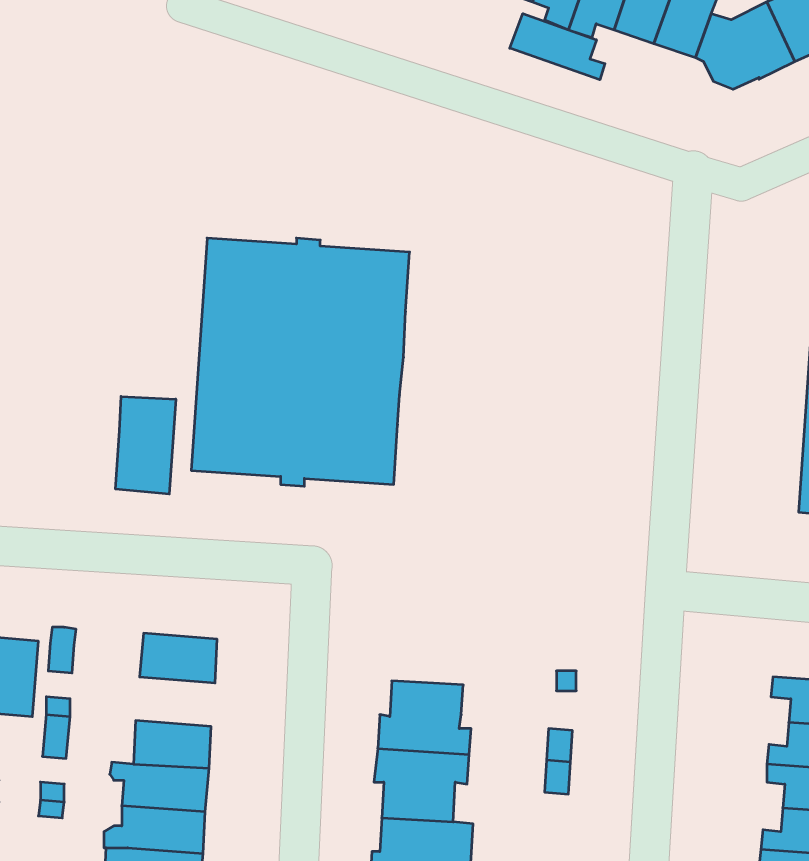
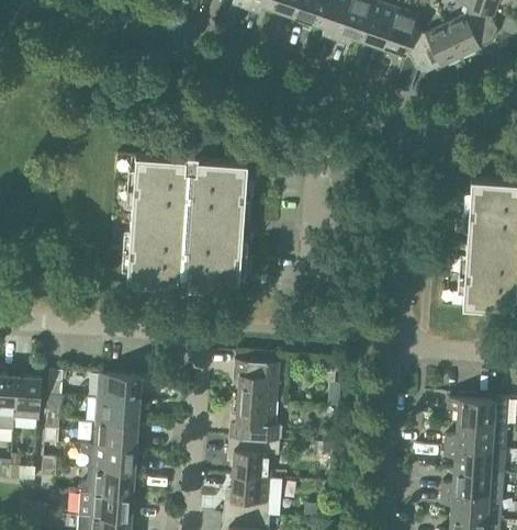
building: [510,14,605,80] -> none
building: [116,396,176,494] -> none
building: none -> [234,361,279,403]
building: none -> [95,398,139,426]

